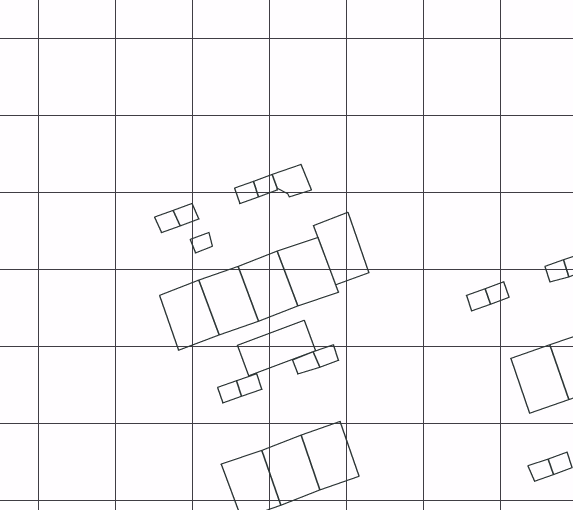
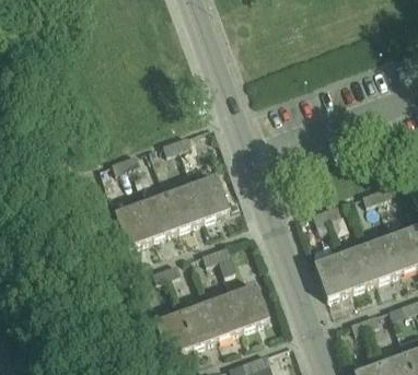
building: [314,212,369,285] -> none
building: [238,320,315,376] -> none
building: none -> [314,251,352,296]
building: none -> [231,282,269,327]

